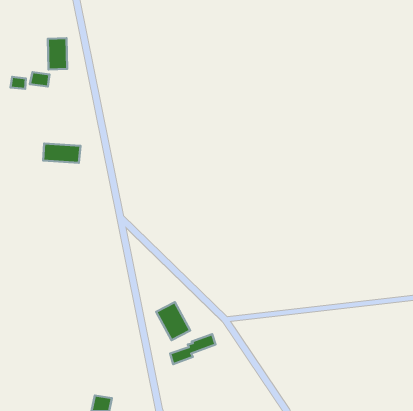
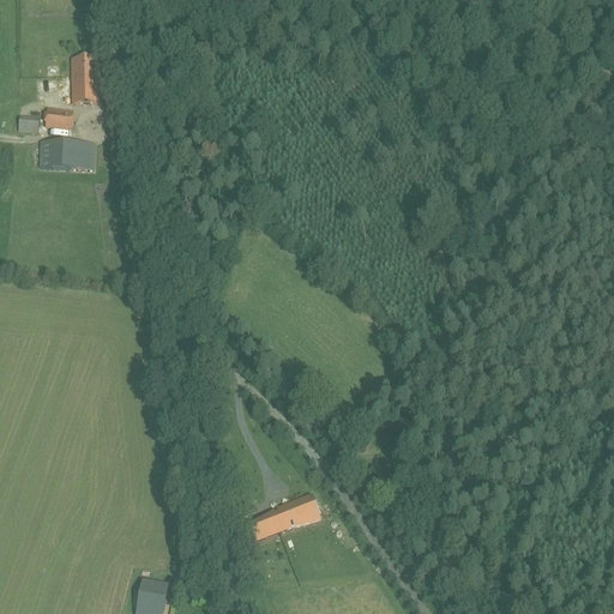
building: [43,144,81,163] -> [40,140,95,169]
building: [156,302,190,340] -> none

